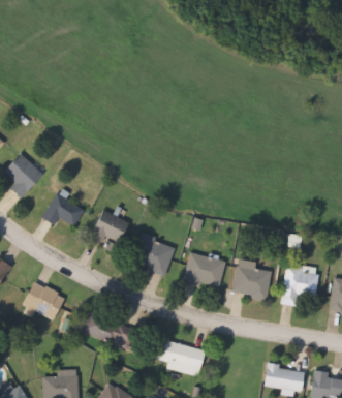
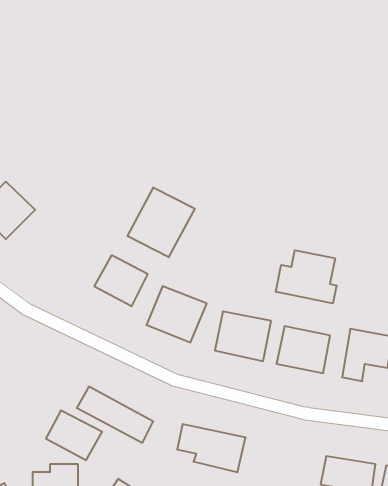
building: none -> [127,187,195,257]
building: [41,190,86,225] -> none
building: none -> [276,250,337,303]
building: [23,281,66,319] -> [46,410,102,460]

